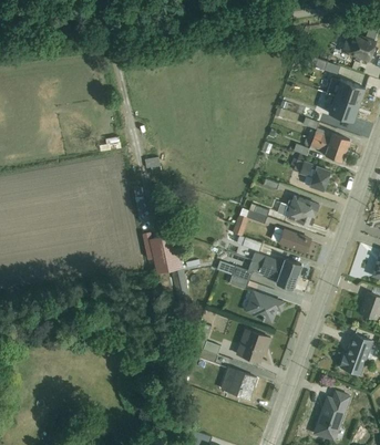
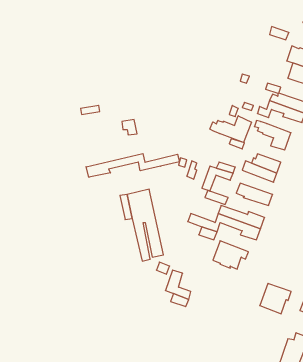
building: none -> [210,116,251,142]
building: none -> [86,154,179,177]
building: [236,329,270,362] -> [260,283,291,314]
building: [220,368,257,399] -> none

